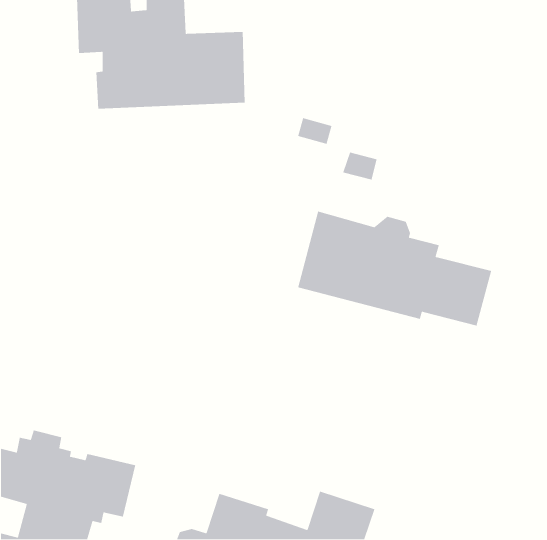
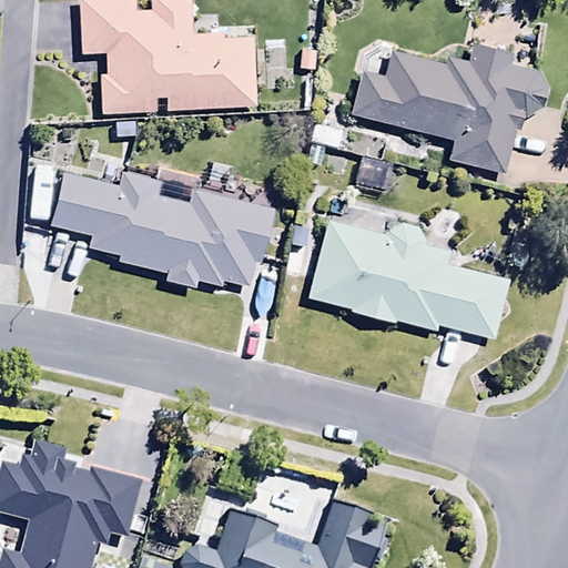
building: none -> [352,44,550,172]
building: none -> [52,169,275,287]

